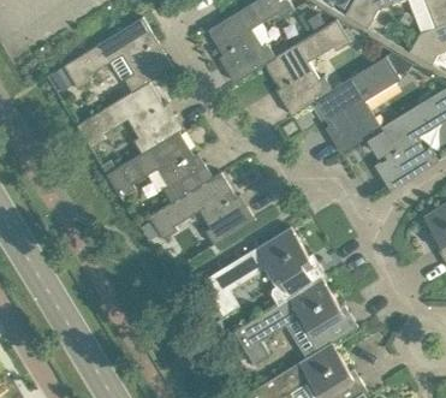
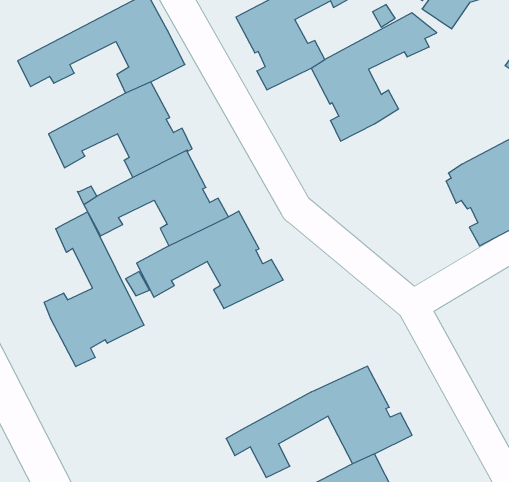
building: [314,57,399,154] -> none
building: none -> [44,212,144,367]
building: [201,227,326,315] -> none

